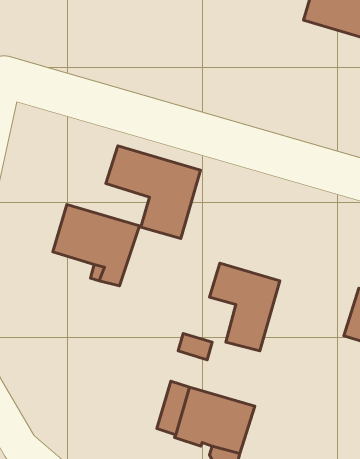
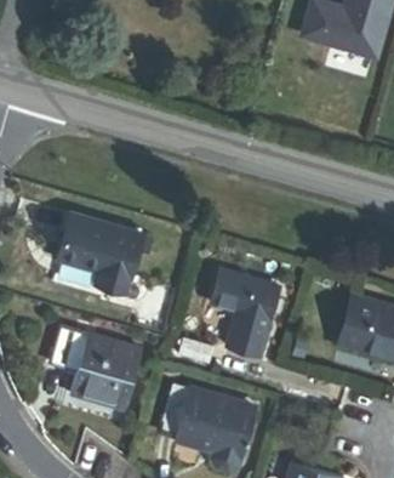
building: [106,146,201,238] -> none
building: none -> [51,328,143,410]

